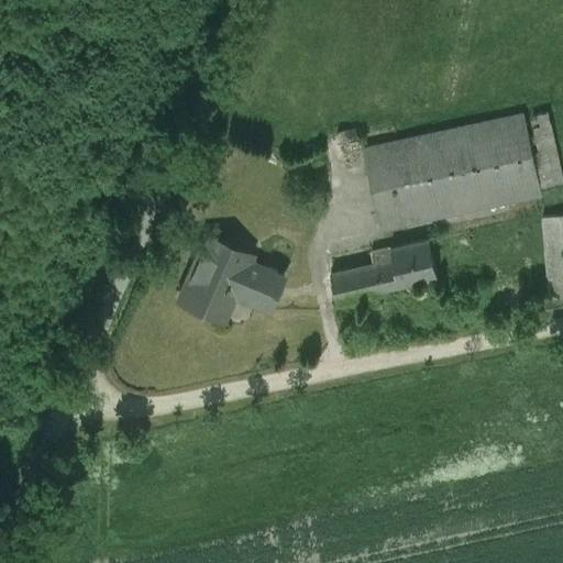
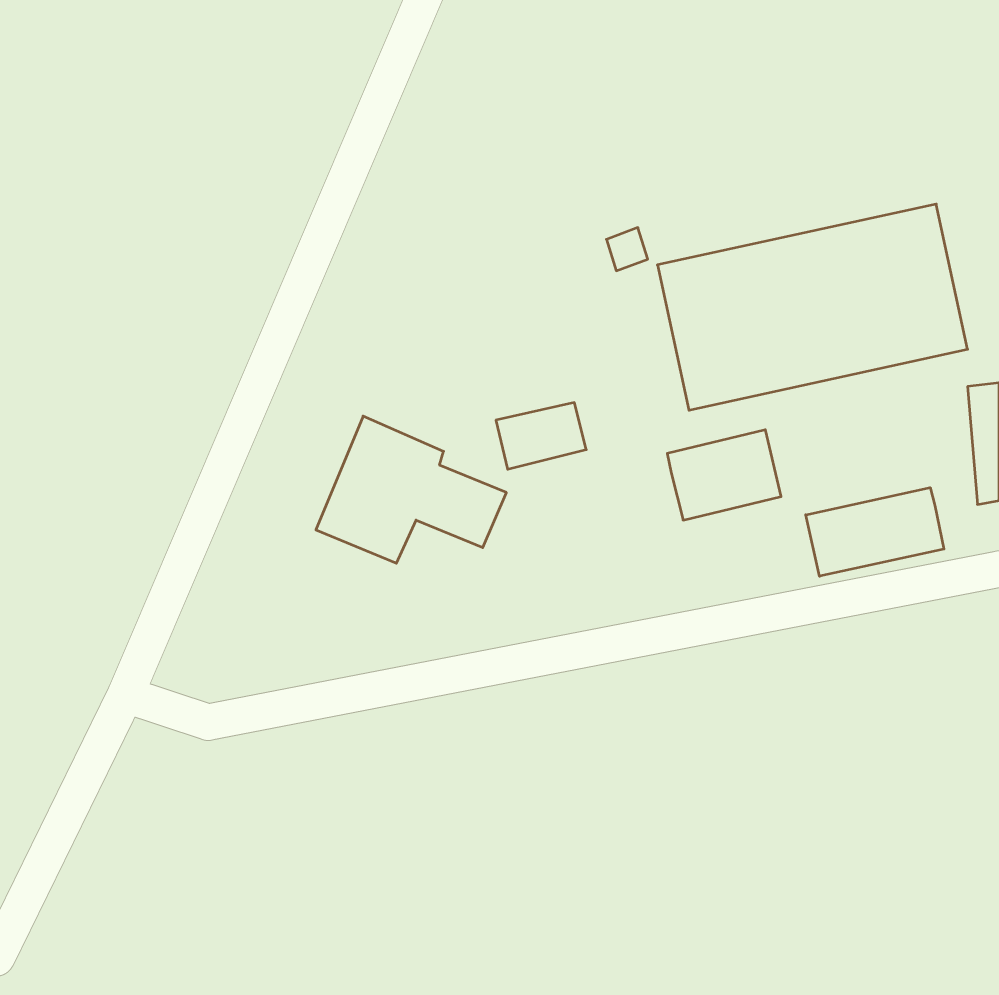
building: [332,265,383,302] -> [496,403,586,469]
building: none -> [806,488,944,576]

